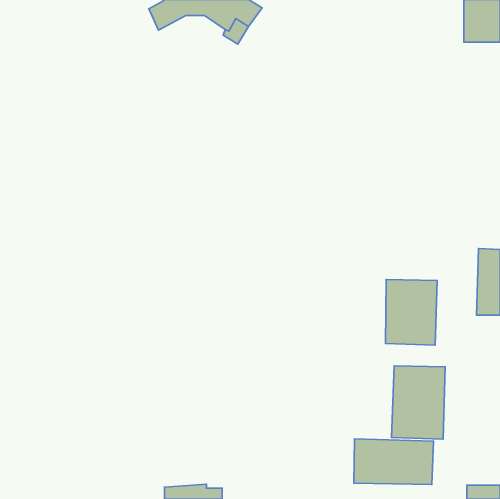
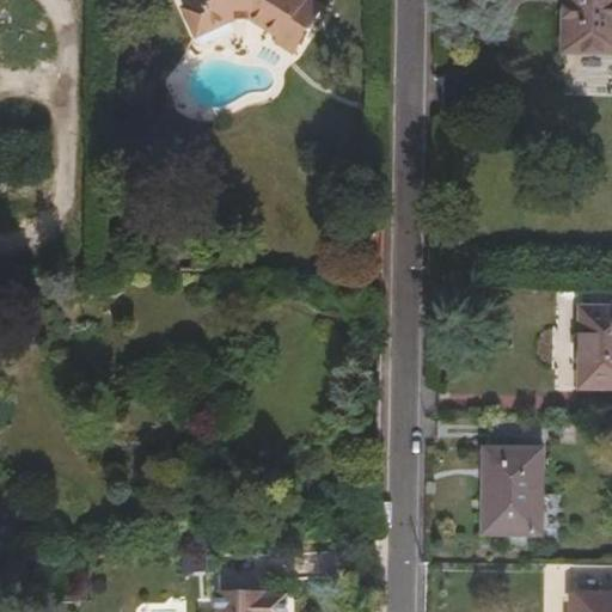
building: [386,280,437,345] -> none
building: [354,439,434,485] -> none

